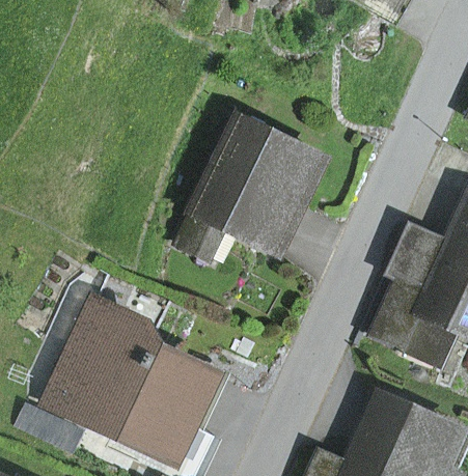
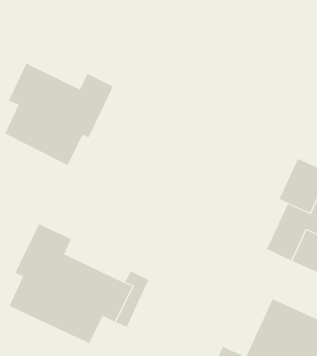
building: none -> [4,62,113,166]
building: [176,117,322,257] -> none

